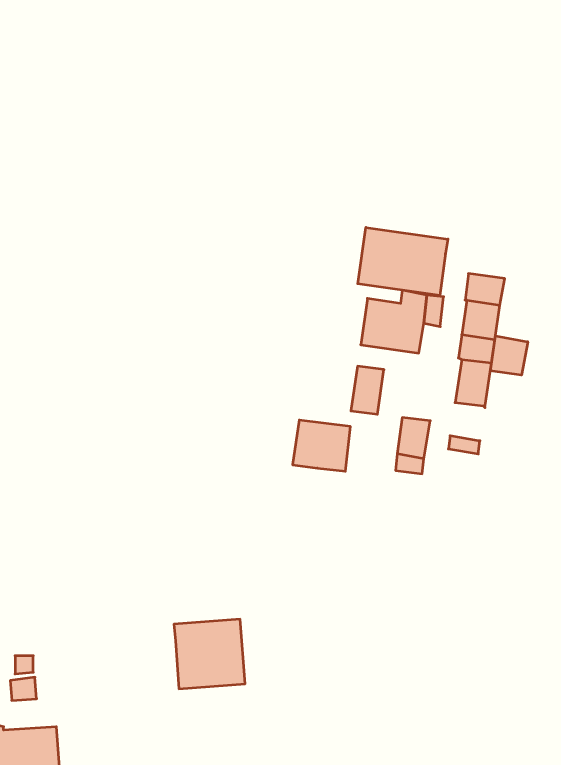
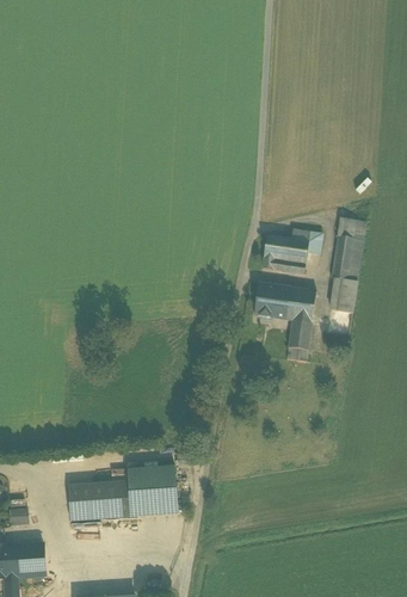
building: [358,227,448,296] -> none
building: [490,336,528,375] -> none
building: [293,420,350,471] -> [273,285,315,322]
building: none -> [67,481,130,521]

